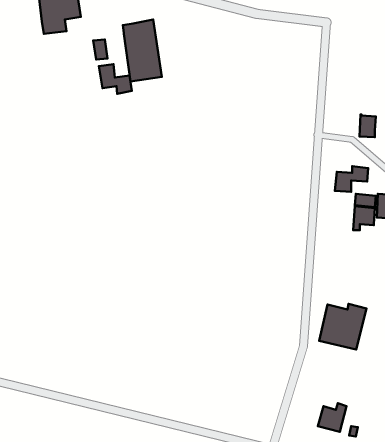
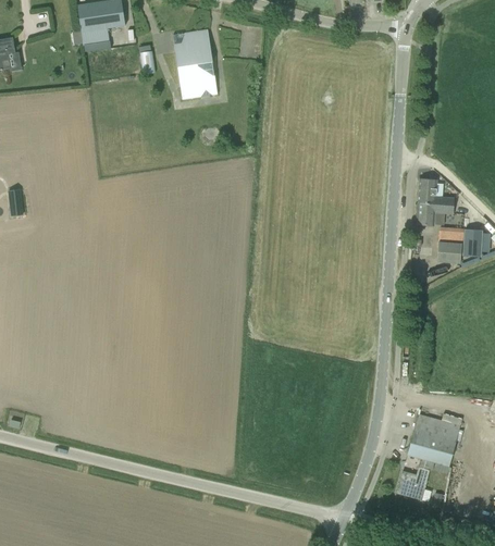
building: [99,64,132,94] -> none
building: [360,114,376,137] -> [418,178,436,204]
building: [319,304,367,349] -> [409,413,463,466]

